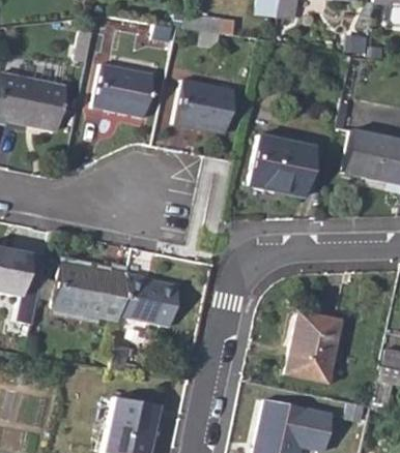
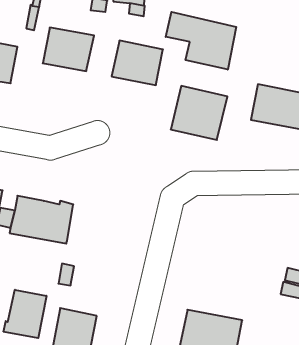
building: none -> [166,12,236,70]
building: [123,274,181,327] -> none
building: [284,315,339,380] -> none
building: none -> [4,290,46,338]

